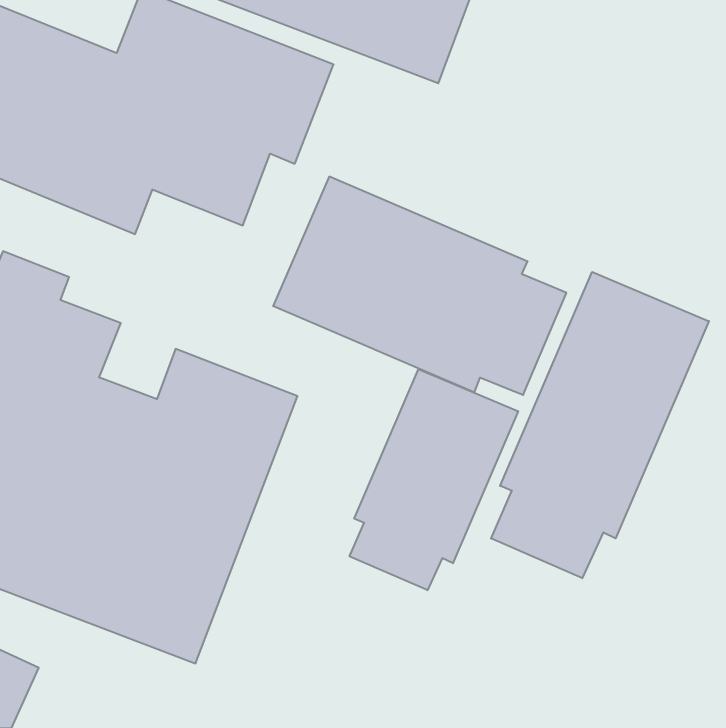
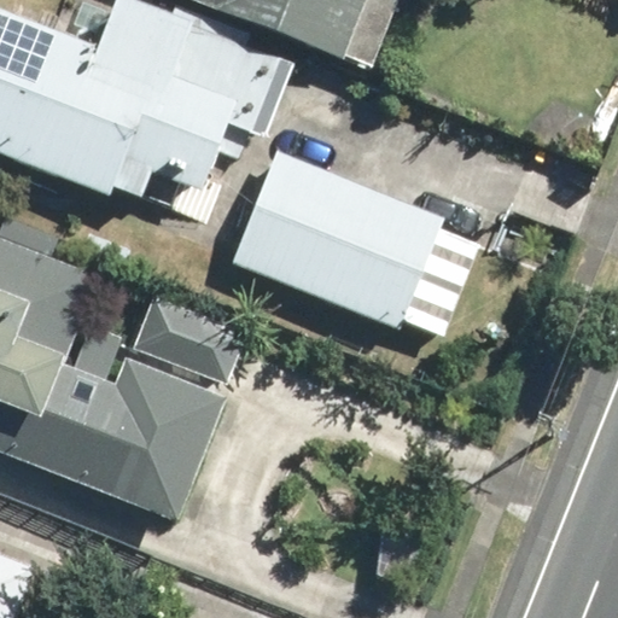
building: [491,272,709,578] -> none
building: [350,369,518,590] -> none

